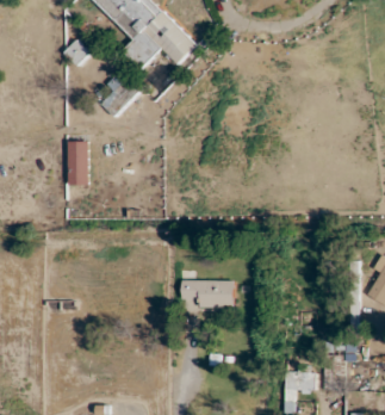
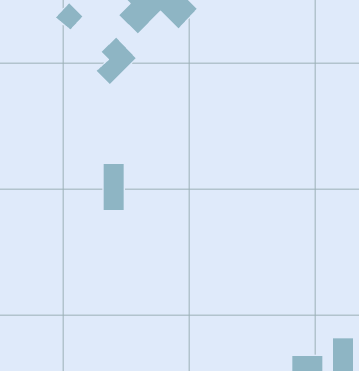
building: [68,141,88,185] -> [103,163,124,210]
building: [182,281,234,309] -> none

